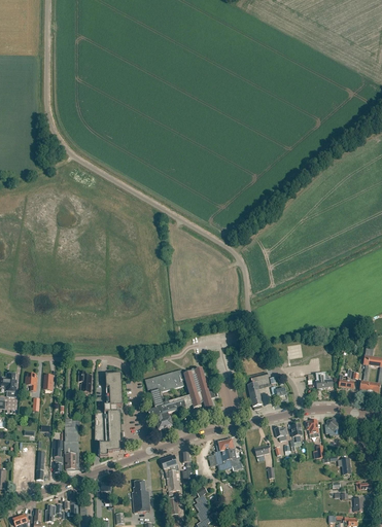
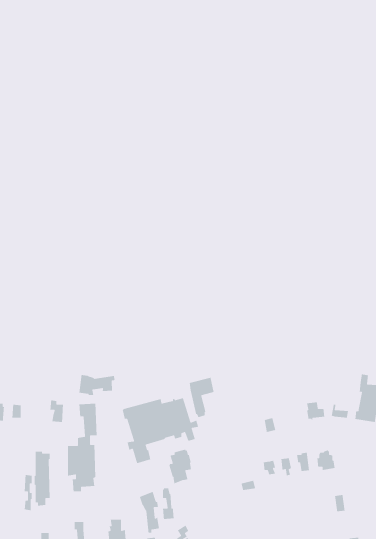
building: none -> [78,374,115,396]
building: [247,372,271,410] -> [189,377,214,418]
building: [215,438,237,471] -> [168,449,192,484]

